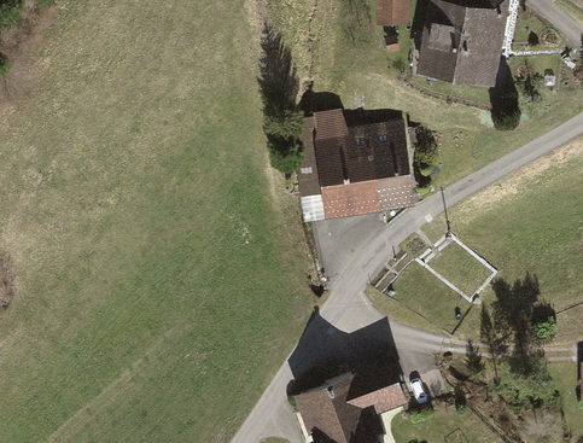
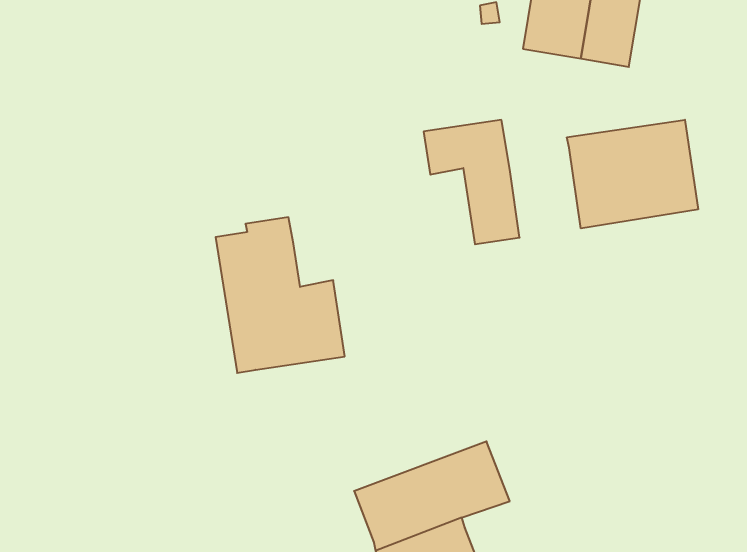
building: [288,111,383,225] -> [216,217,345,373]
building: none -> [567,120,698,228]

